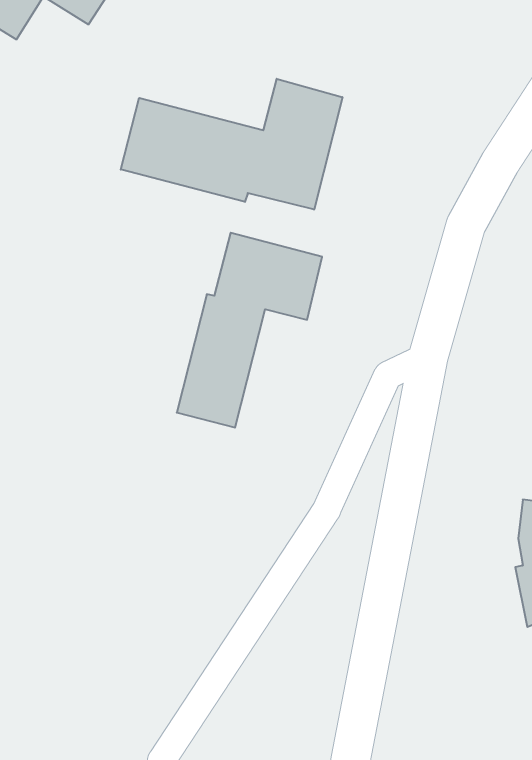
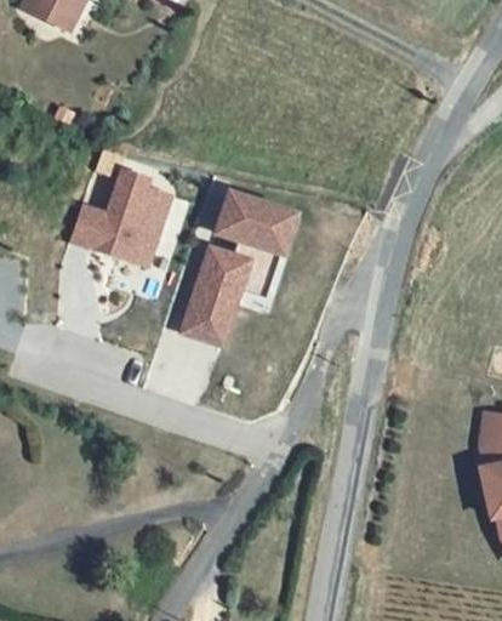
building: [121,79,342,210] -> none
building: none -> [72,165,175,267]

